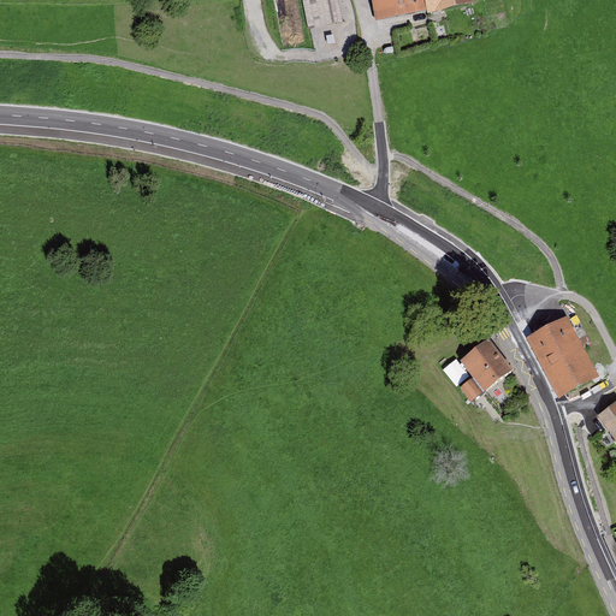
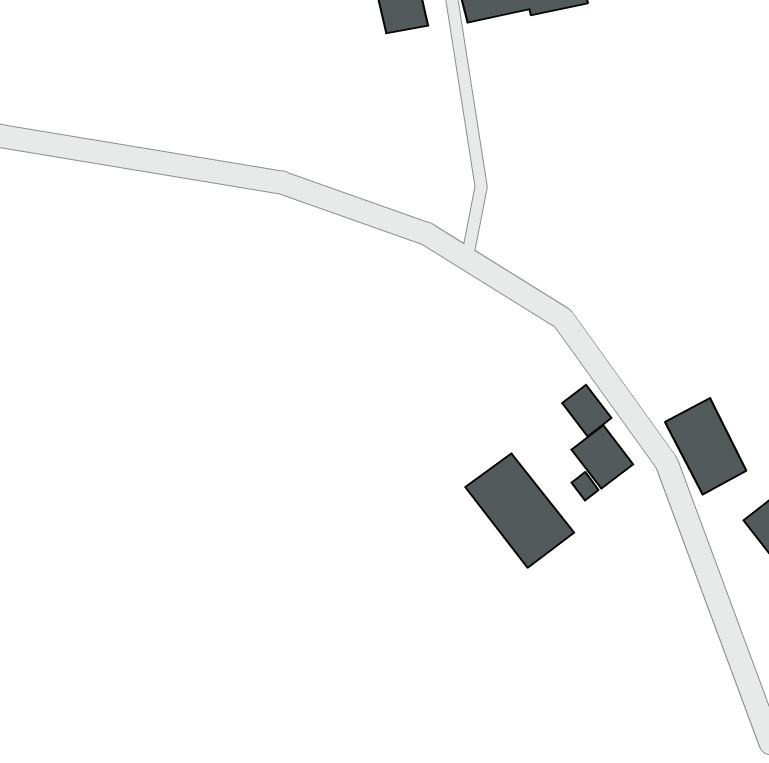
building: none -> [562,385,612,436]
building: none -> [465,453,574,568]

